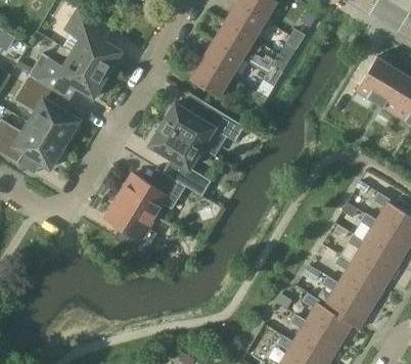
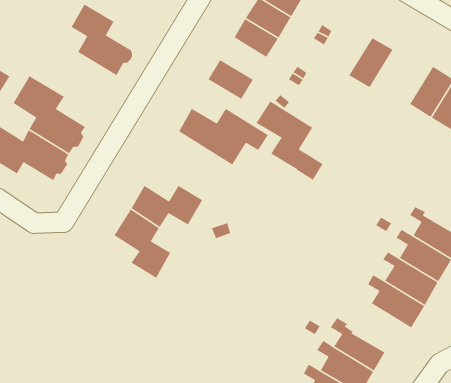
building: [201,40,243,78] -> none
building: [31,53,108,98] -> none
building: [353,54,394,100] -> [348,37,394,88]
building: [150,125,212,197] -> [256,100,324,181]
building: [321,275,374,328] -> none

